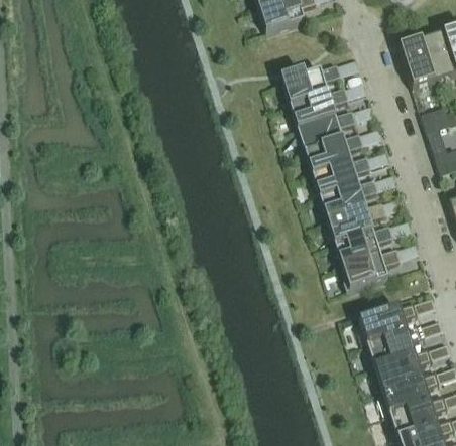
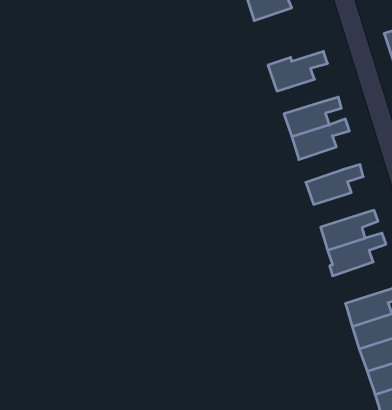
building: [292,86,350,126] -> none
building: [314,154,372,195] -> none
building: [329,200,387,241] -> none

